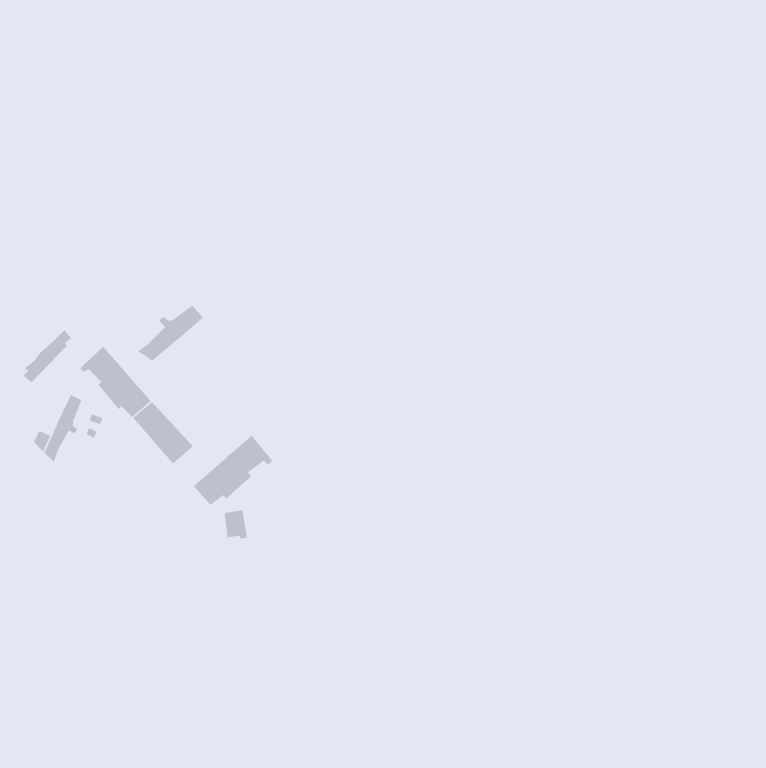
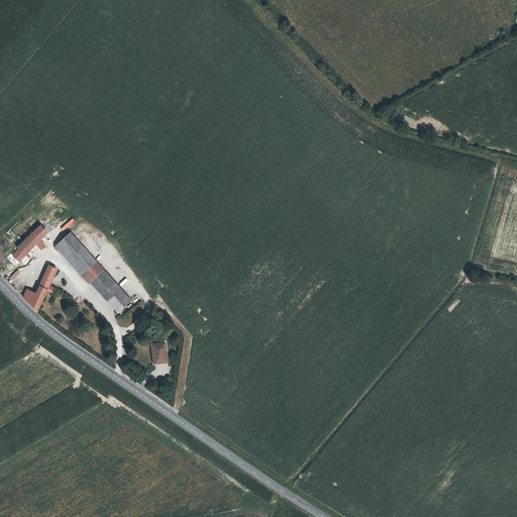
building: [137,305,204,361] -> none
building: [193,434,273,506] -> none

